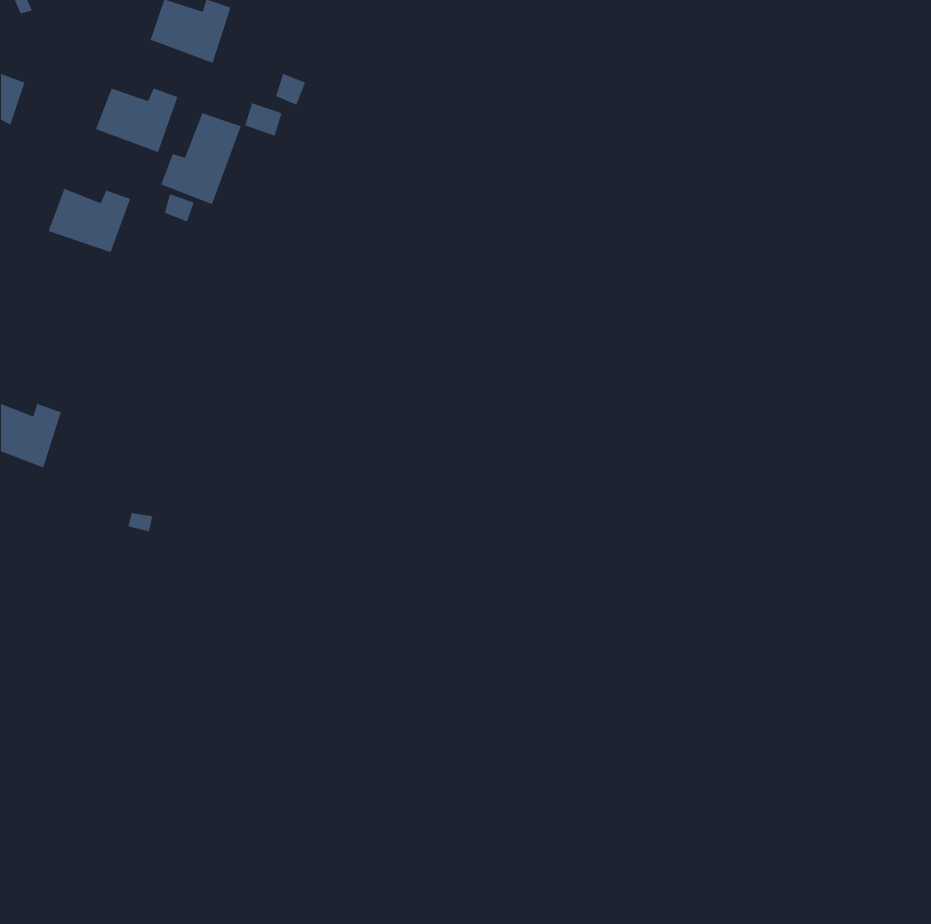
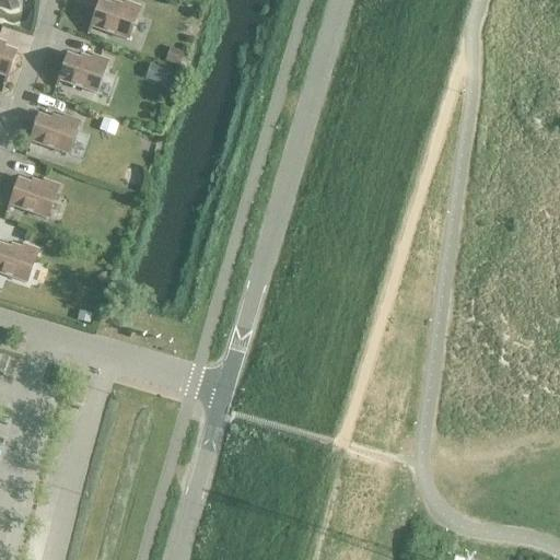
building: [160,112,242,205] -> none
building: none -> [9,177,58,217]

